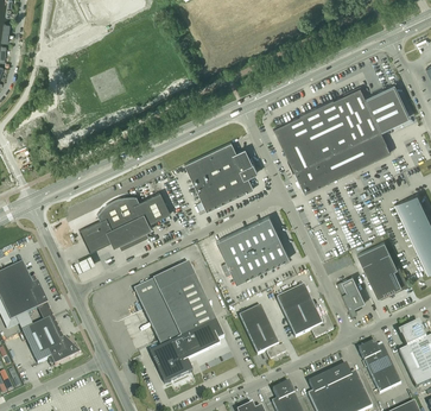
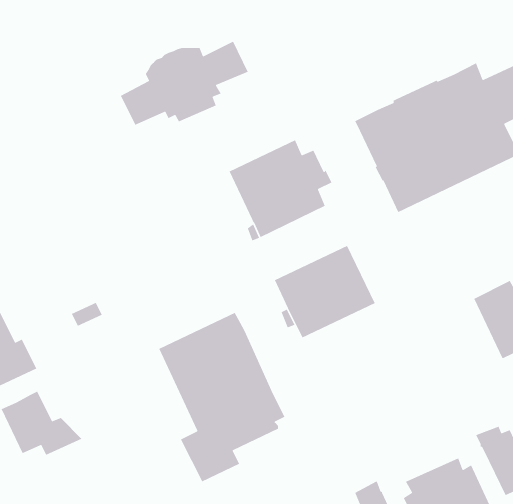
building: [81,191,172,252] -> [120,40,249,126]
building: [337,276,366,315] -> none
building: [278,286,335,339] -> none
building: [240,306,287,360] -> none

